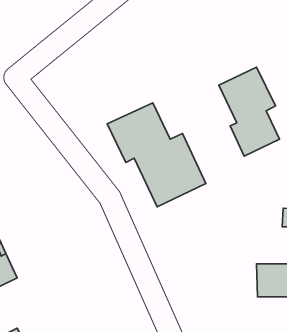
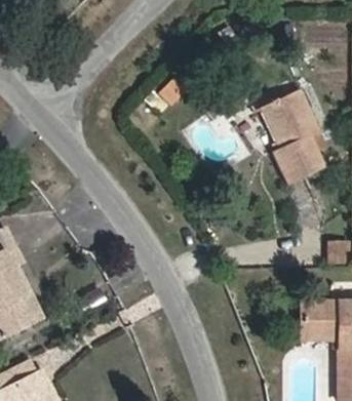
building: [107,103,206,207] -> none

